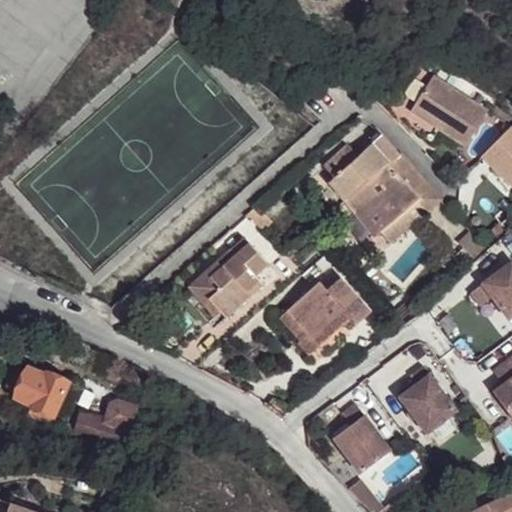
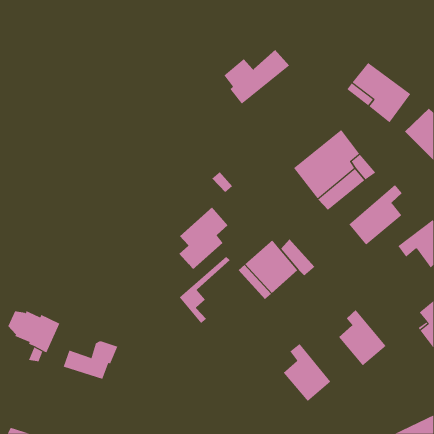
building: [324,133,402,198] -> [224,49,290,105]
building: none -> [348,184,403,246]
building: [189,238,250,318] -> [179,256,231,324]

